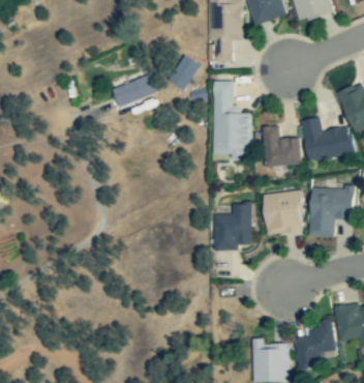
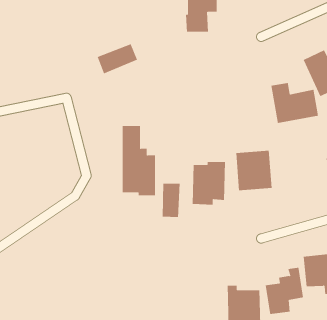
building: [169,55,200,90] -> none
building: [213,81,250,157] -> [122,125,156,196]
building: [263,123,302,167] -> none
building: [309,185,354,236] -> none
building: none -> [162,183,180,218]

